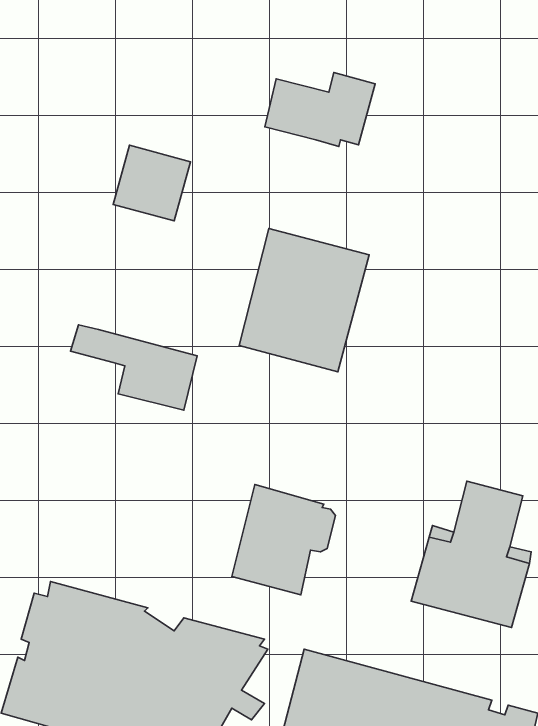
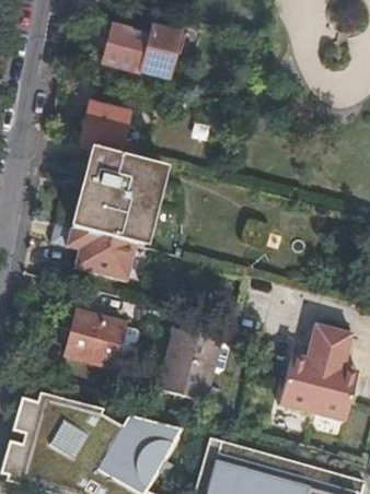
building: [265,72,375,146] -> [104,23,177,72]
building: [239,229,369,372] -> [69,145,155,240]
building: none -> [65,308,138,369]

